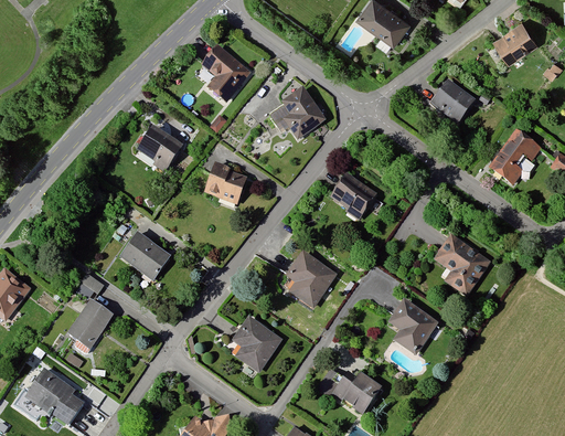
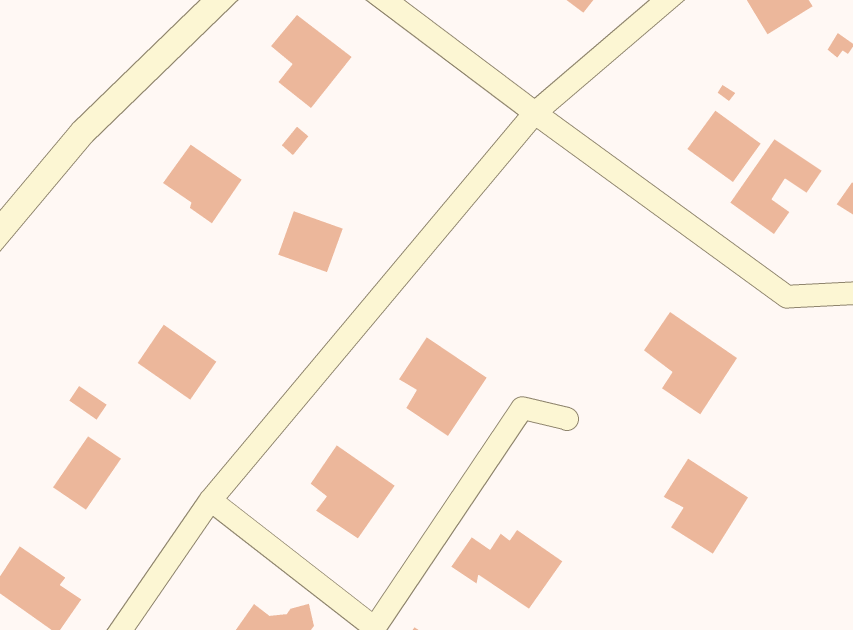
building: [428,74,475,119] -> [686,109,762,183]
building: [270,94,328,146] -> none
building: [327,170,375,220] -> none
building: [385,297,438,357] -> [663,457,749,555]

